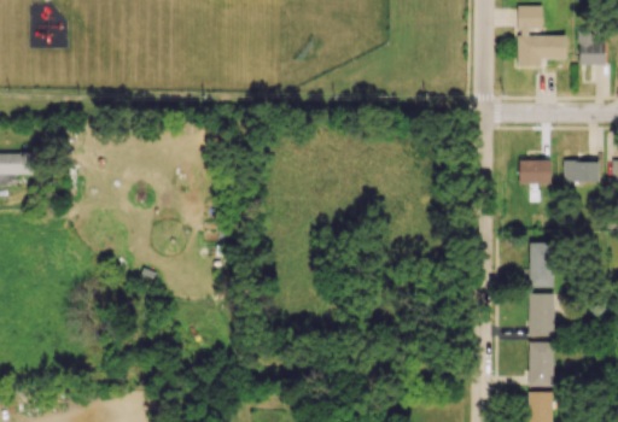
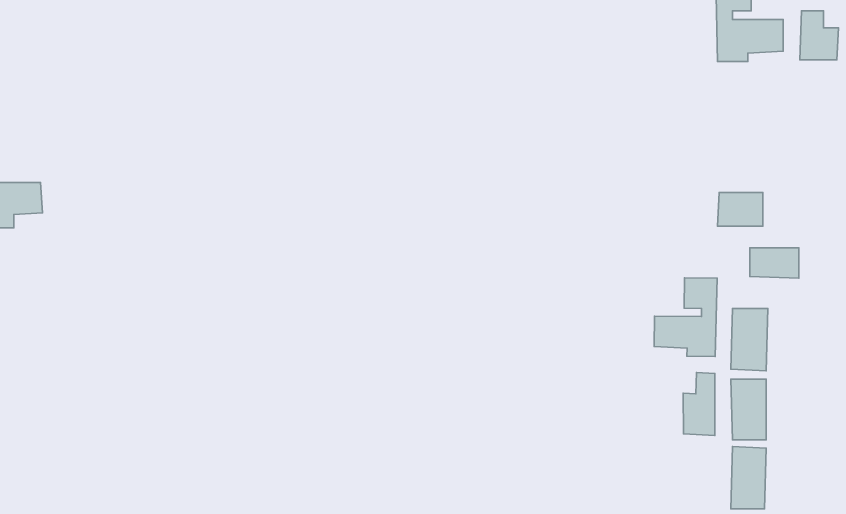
building: [565,160,600,182] -> [750,248,799,278]
building: none -> [654,278,717,356]
building: none -> [683,373,715,435]

